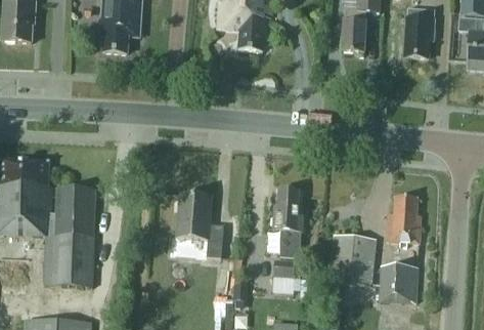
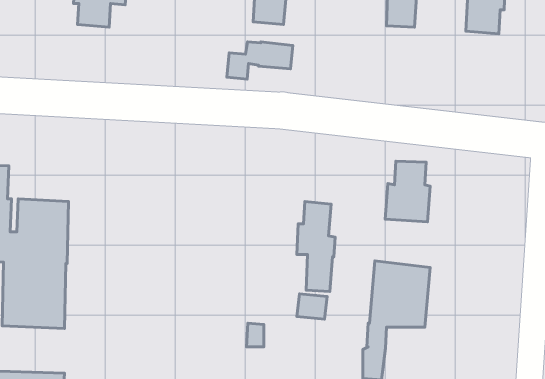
building: none -> [227,42,293,79]
building: [176,193,223,257] -> none
building: [386,195,421,242] -> [385,161,430,222]
building: [379,263,417,302] -> none

